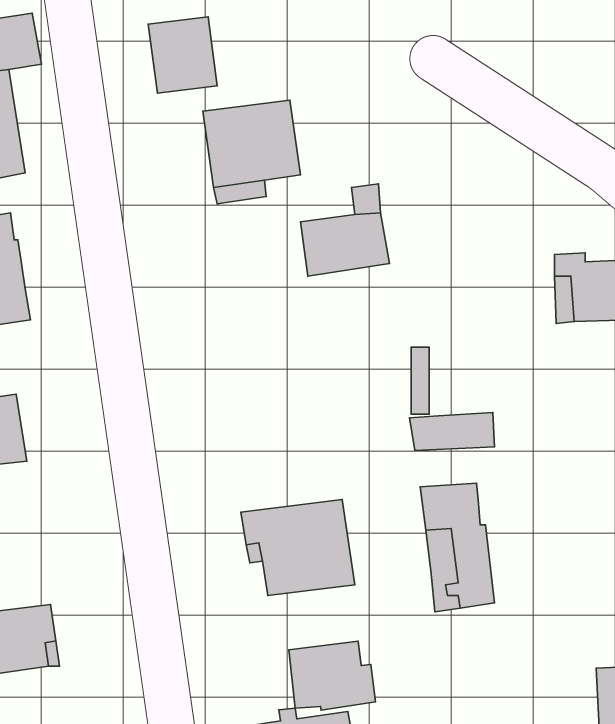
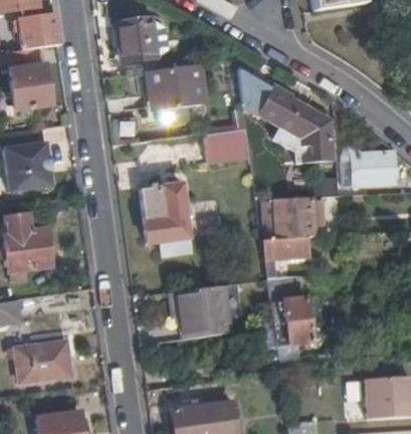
building: none -> [240,68,332,163]
building: none -> [141,183,189,253]
building: none -> [277,201,318,239]
building: [289,641,375,710] -> none

